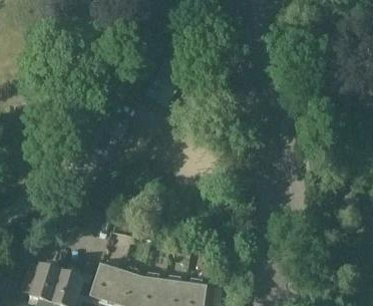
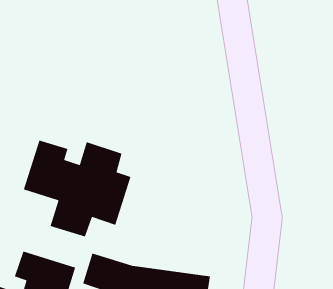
building: none -> [23,140,131,237]

